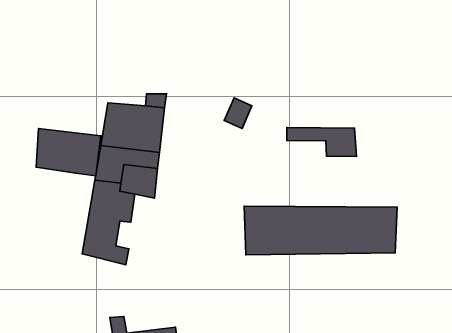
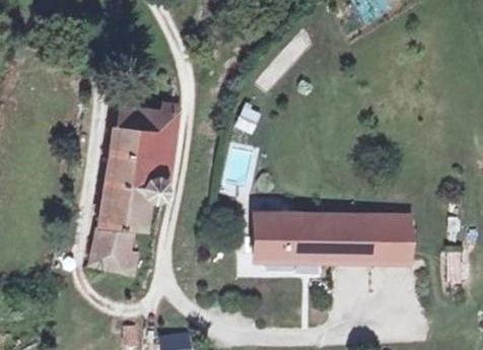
building: [287,128,356,157] -> none
building: [36,128,101,176] -> none

